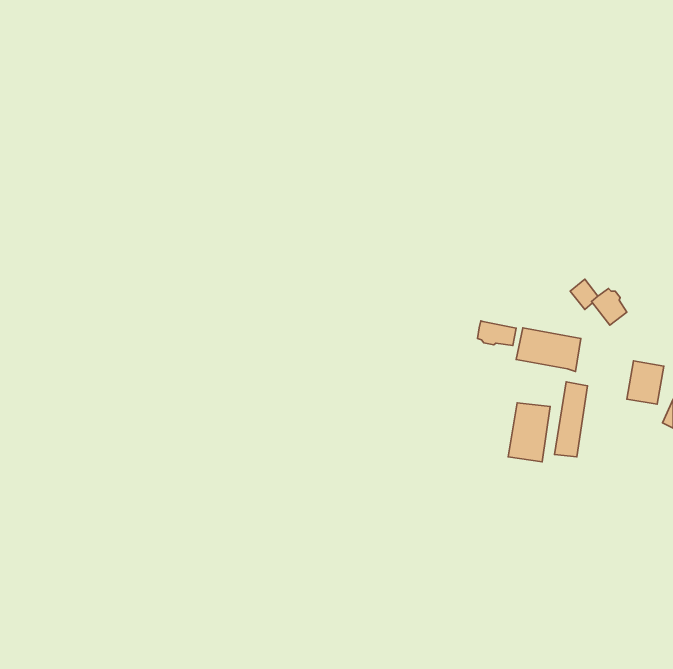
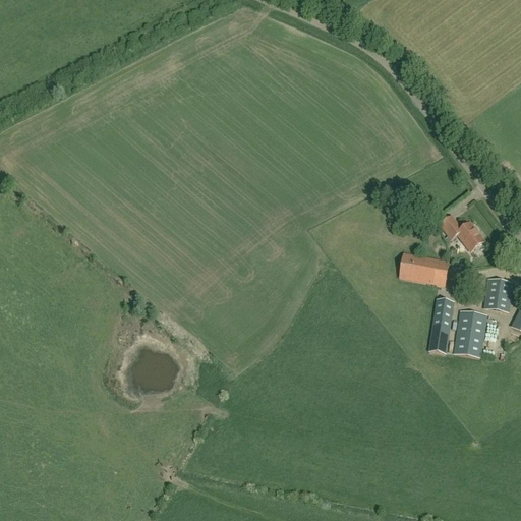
building: [477,321,516,346] -> none
building: [508,403,550,462] -> [454,311,486,357]

